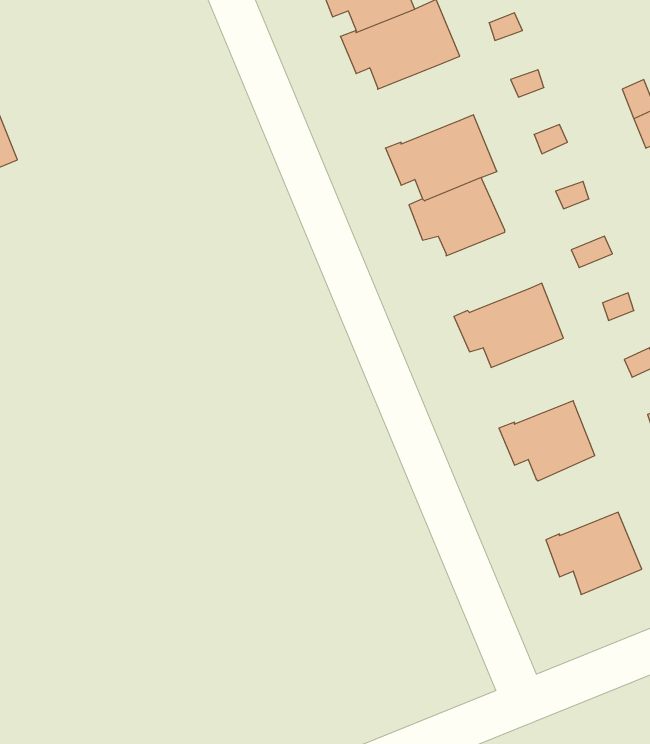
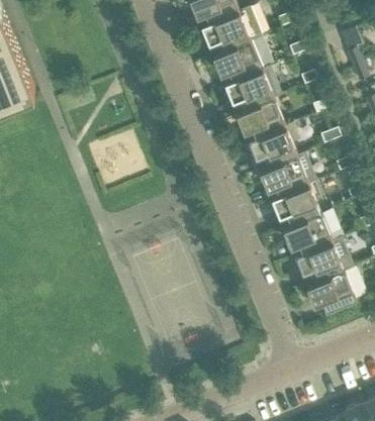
building: none -> [212,39,262,80]
building: none -> [248,121,299,167]
building: none -> [271,183,320,224]
building: none -> [294,237,353,282]

